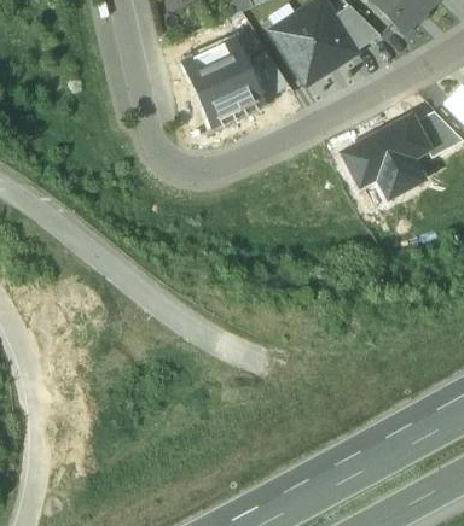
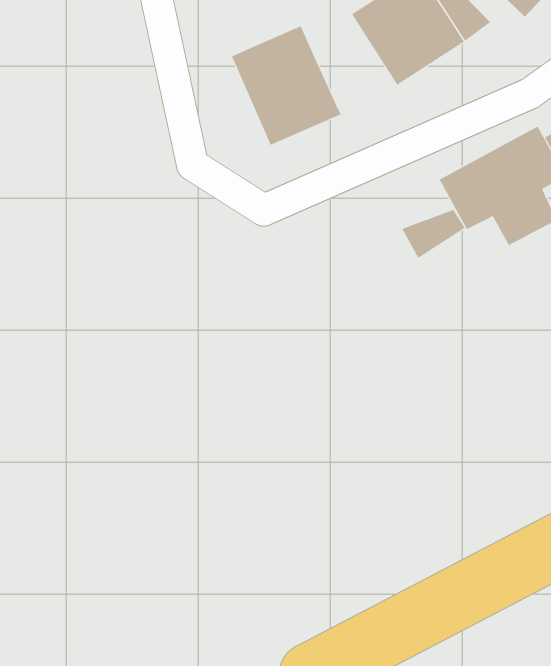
building: [245,52,288,97] -> none
building: none -> [402,209,466,259]

